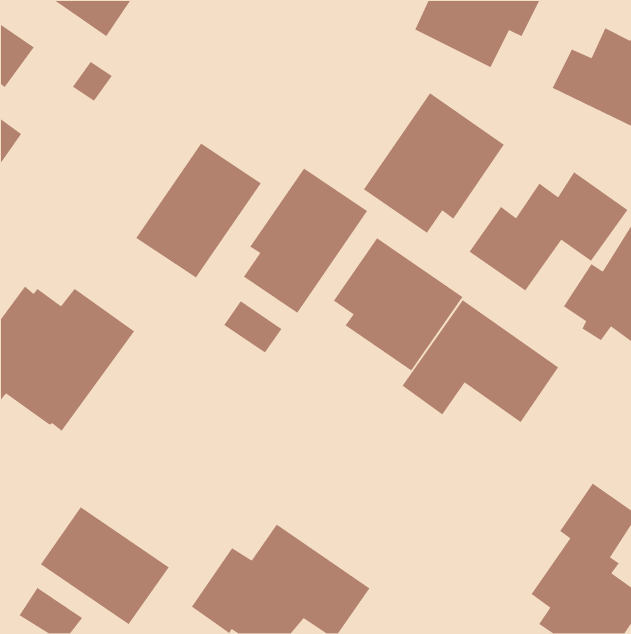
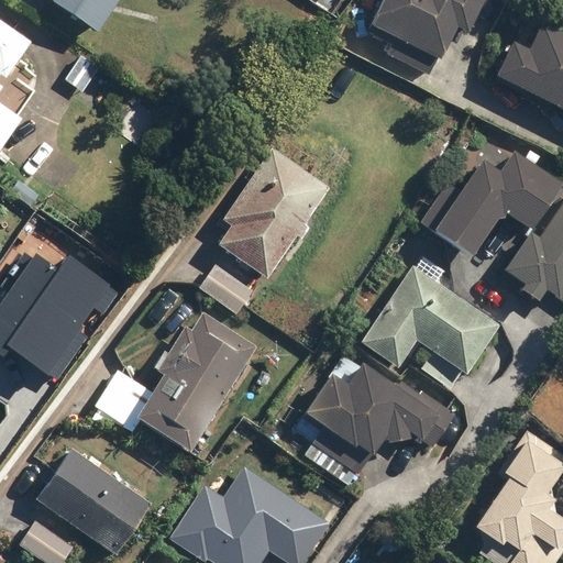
building: [363,92,505,234] -> none
building: [135,143,262,279] -> none
building: [333,237,464,372] -> none
building: none -> [96,311,257,452]
building: none -> [302,362,456,455]

